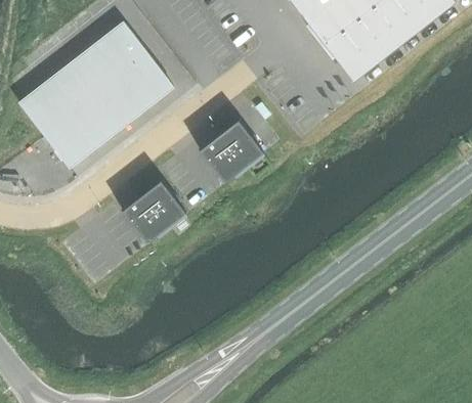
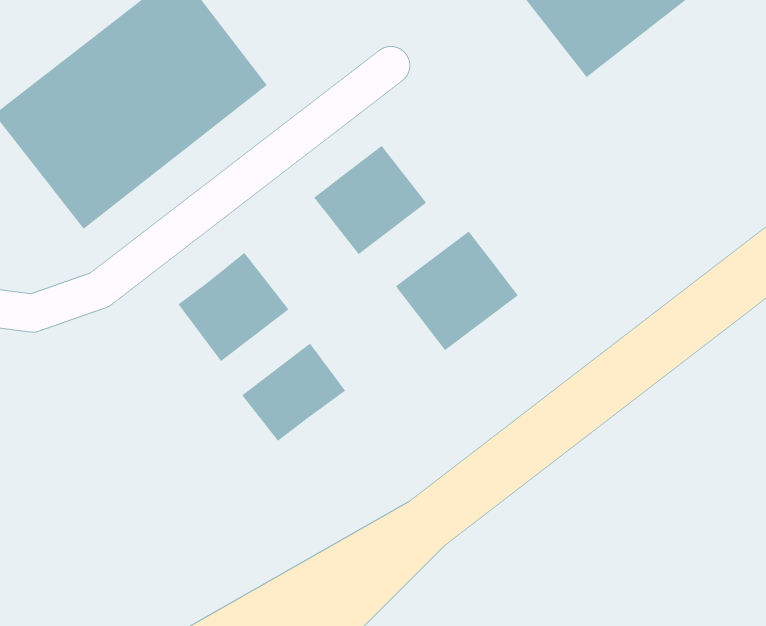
building: none -> [395,231,519,351]
building: none -> [241,342,346,442]

